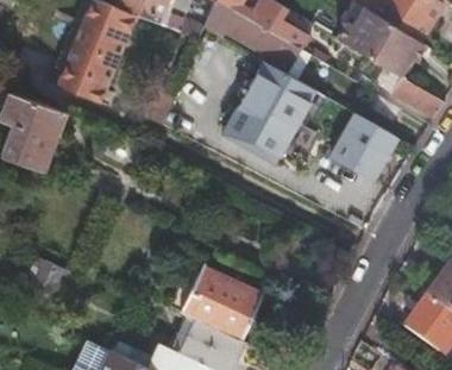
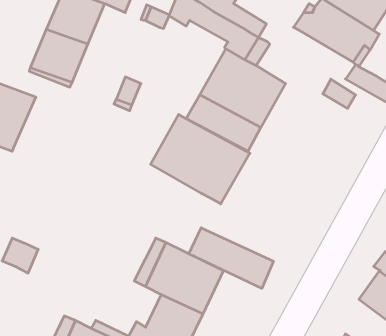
building: [332,114,395,177] -> none
building: none -> [151,114,250,204]
building: none -> [189,228,273,288]

